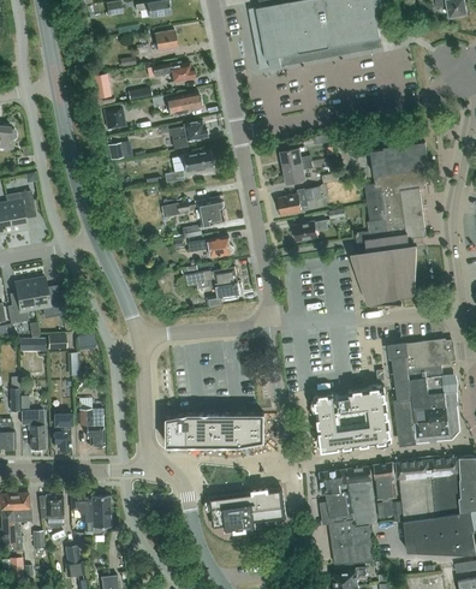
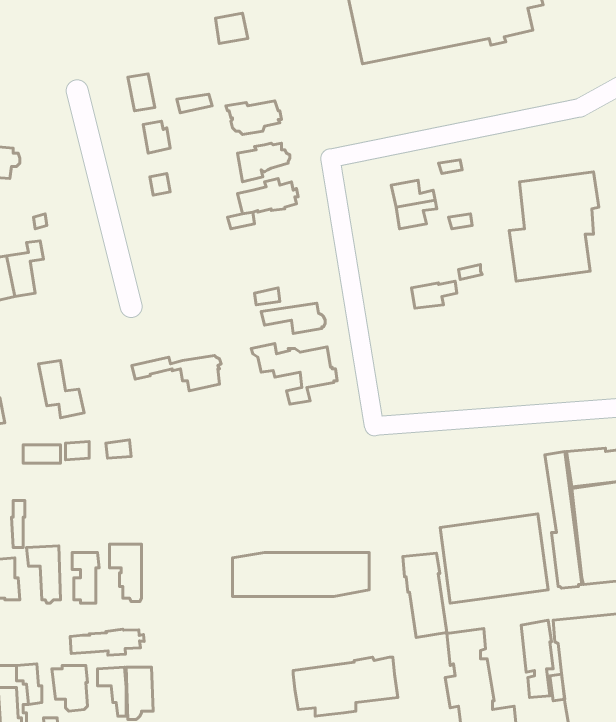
building: [154,63,196,83] -> none
building: [278,189,320,216] -> none
building: [161,201,225,226] -> [132,356,221,391]
building: [351,214,424,304] -> none
building: [11,280,35,325] -> none
building: [346,466,377,526] -> [403,553,447,638]
building: none -> [70,629,144,655]

